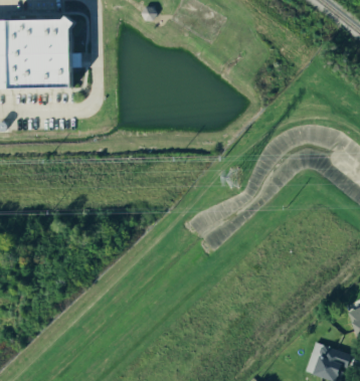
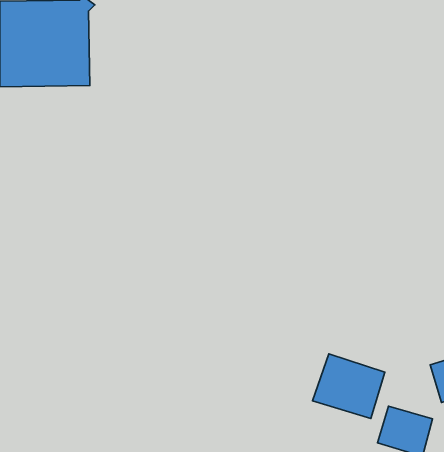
building: none -> [313,354,385,419]

